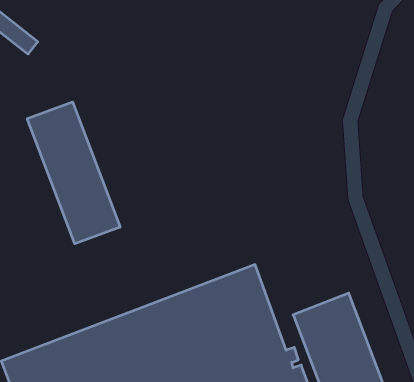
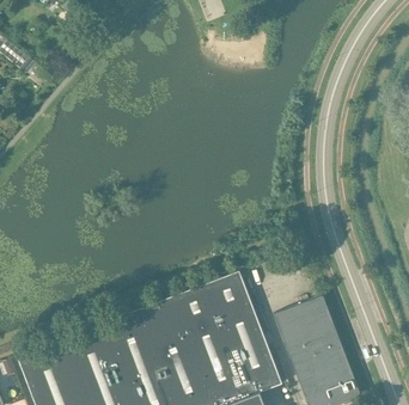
building: [27,102,120,244] -> none

